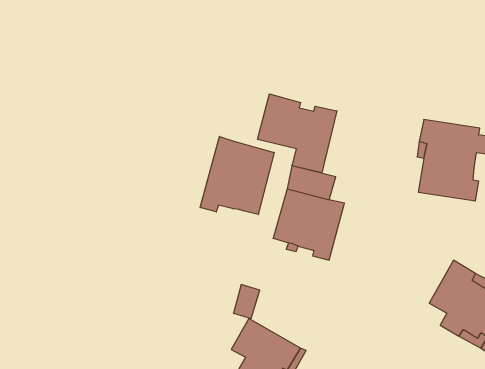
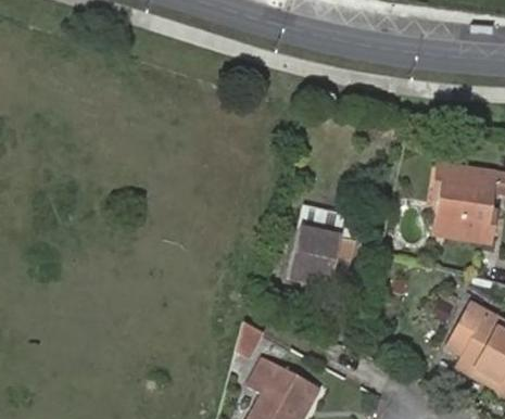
building: [258,94,337,173] -> none
building: [200,136,274,215] -> none

